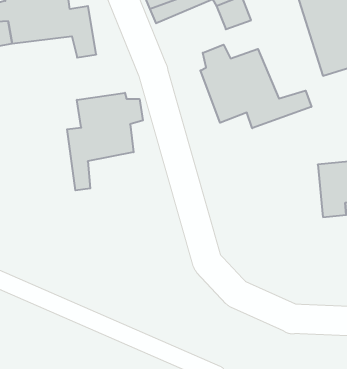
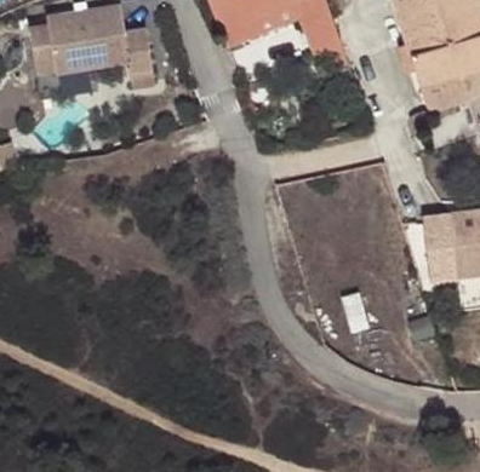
building: [200,45,311,128] -> none
building: [67,93,143,190] -> none

